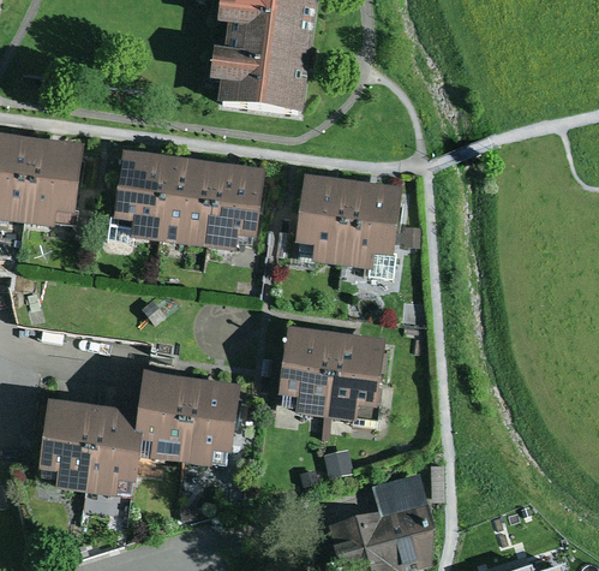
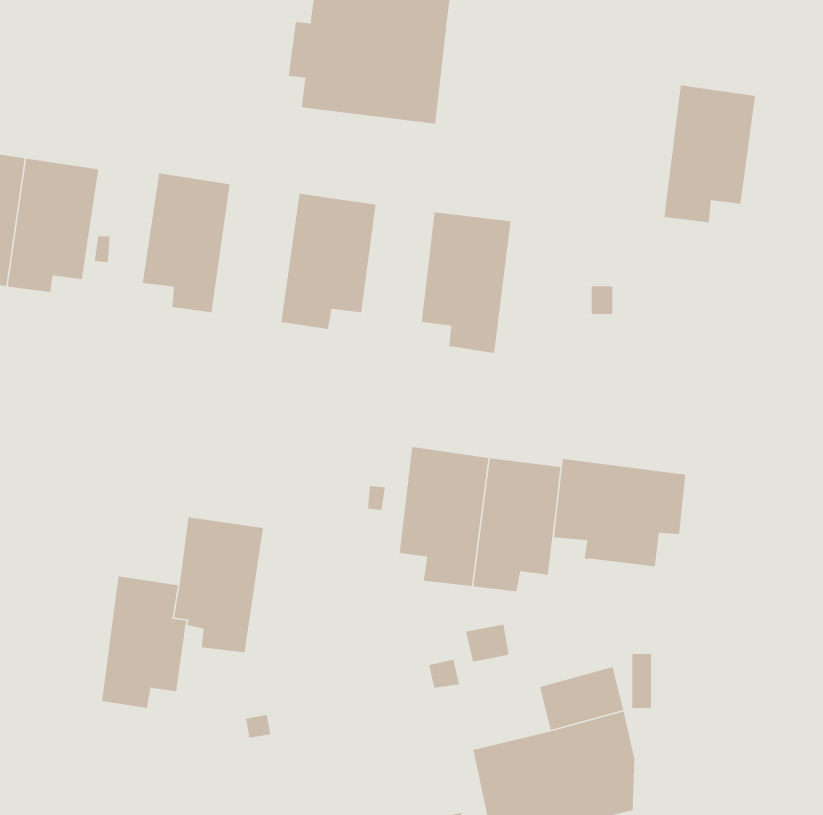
building: [158,155,215,245] -> none
building: [342,179,402,269] -> [663,84,756,223]
building: none -> [553,458,686,567]
building: [180,379,240,465] -> none
building: [38,404,97,492] -> none

